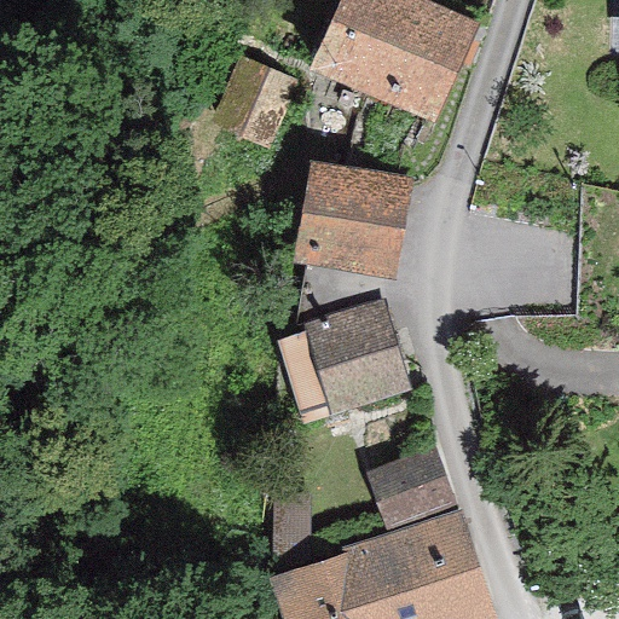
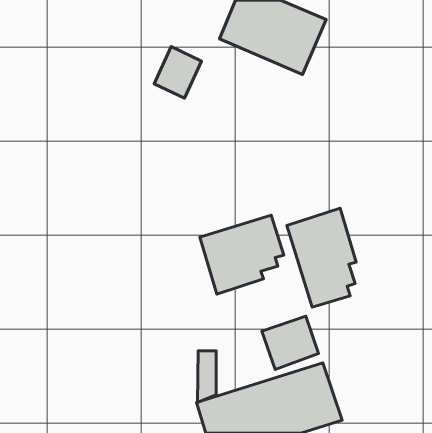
building: [311,175,394,261] -> none
building: none -> [287,208,356,307]

